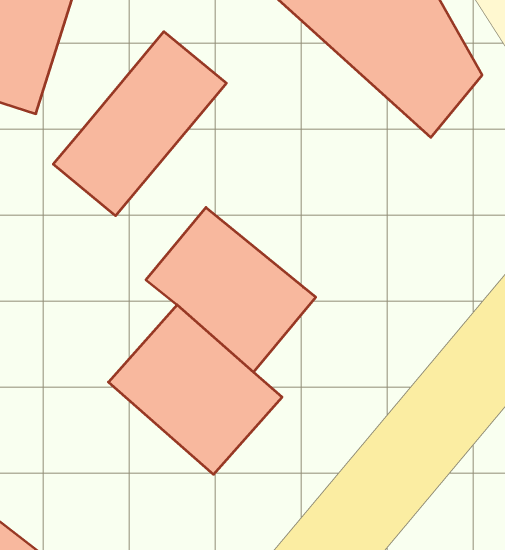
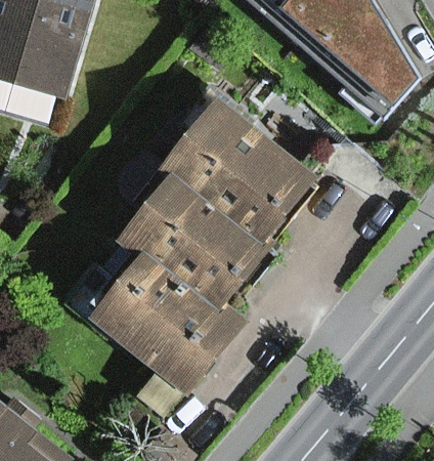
building: [53,32,226,216] -> none
building: none -> [177,95,326,239]

